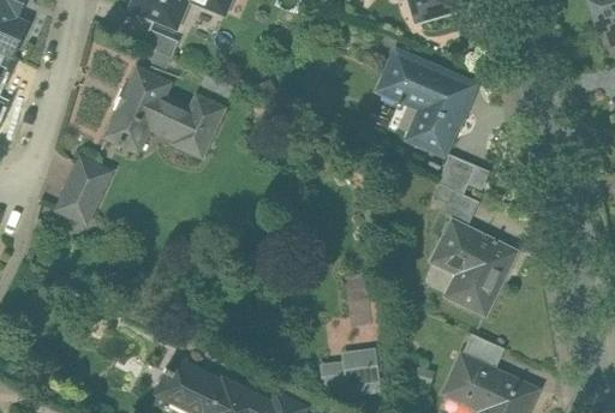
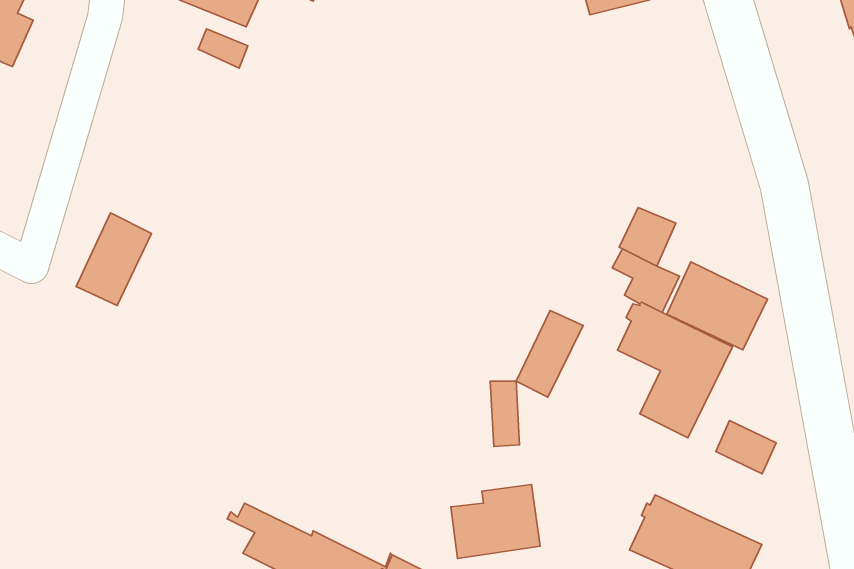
building: [378,52,473,152] -> none
building: [105,67,221,155] -> none
building: none -> [667,262,768,350]
building: none -> [516,311,583,397]
building: [461,333,503,370] -> [716,421,776,474]

